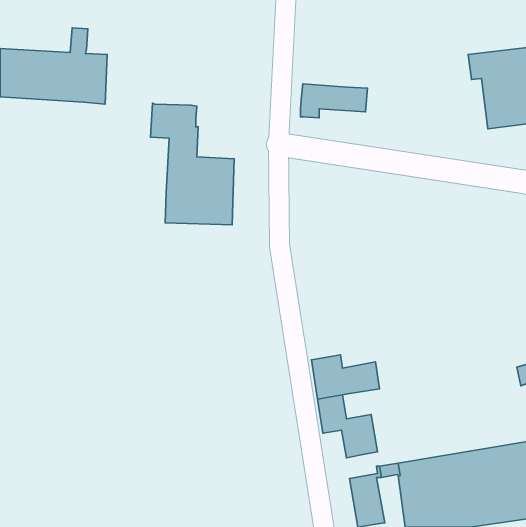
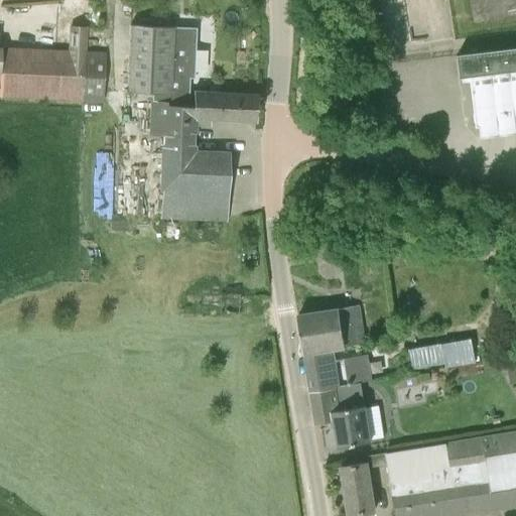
building: none -> [128,25,197,103]
building: [301,84,368,118] -> [192,92,258,125]
building: none -> [299,306,366,352]
building: none -> [411,341,475,367]

